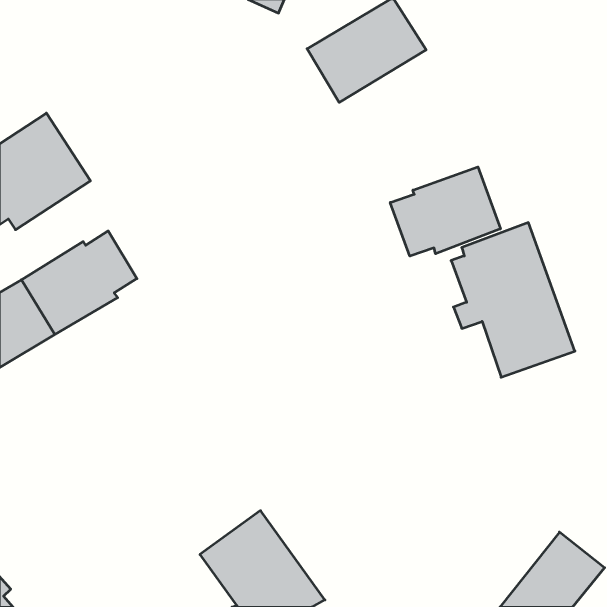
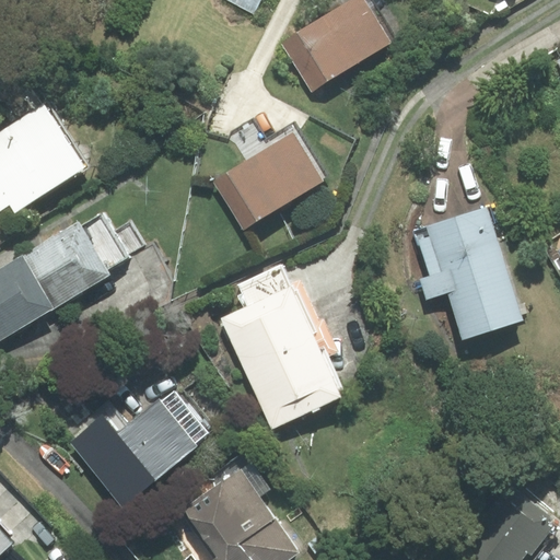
building: none -> [214,137,324,233]
building: [390,167,500,256] -> none
building: none -> [223,287,349,430]
building: none -> [70,389,208,504]

